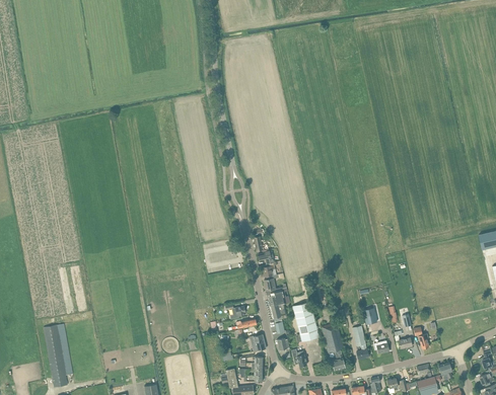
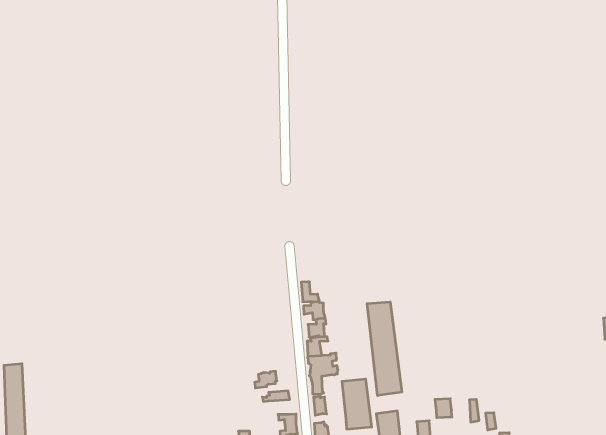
building: none -> [367,302,402,396]

